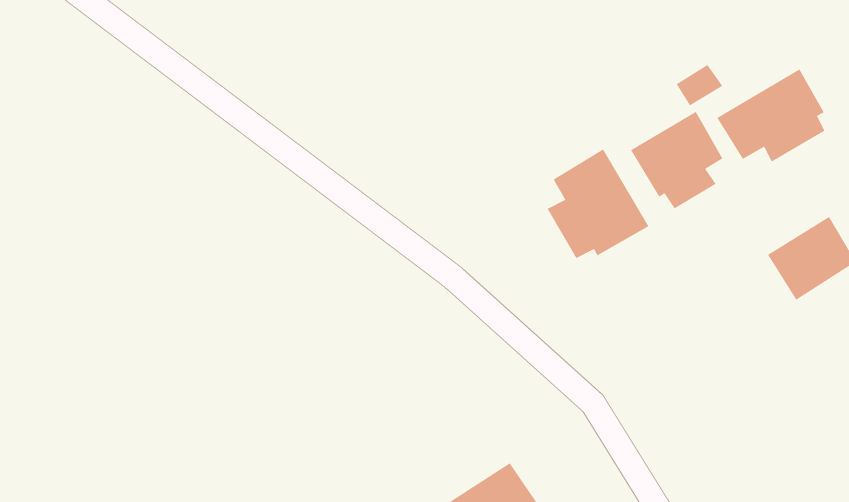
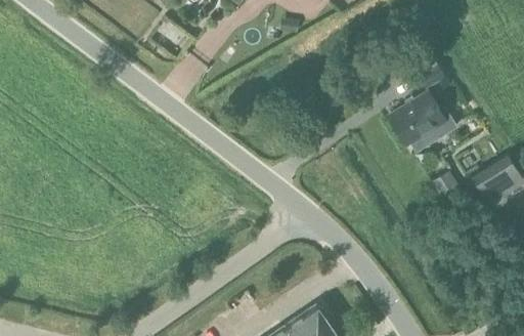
building: [716,68,825,163] -> none
building: [547,149,649,259] -> none

